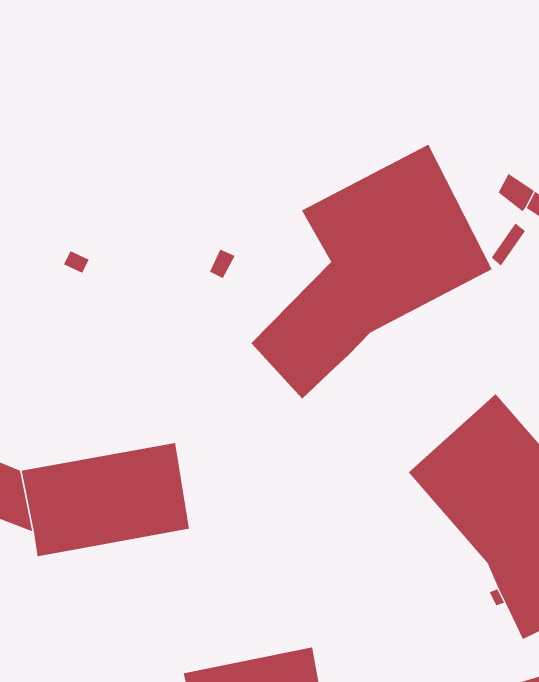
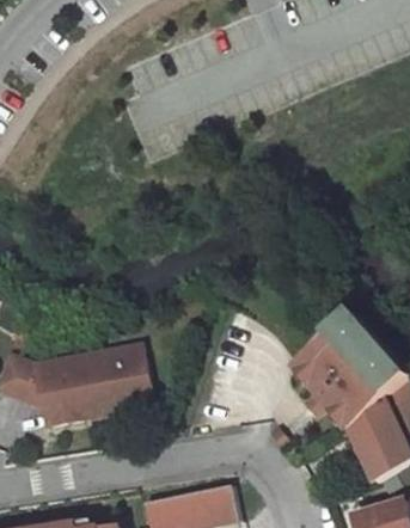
building: [250,144,492,400] -> none

